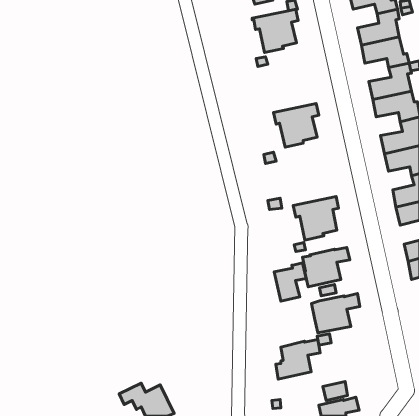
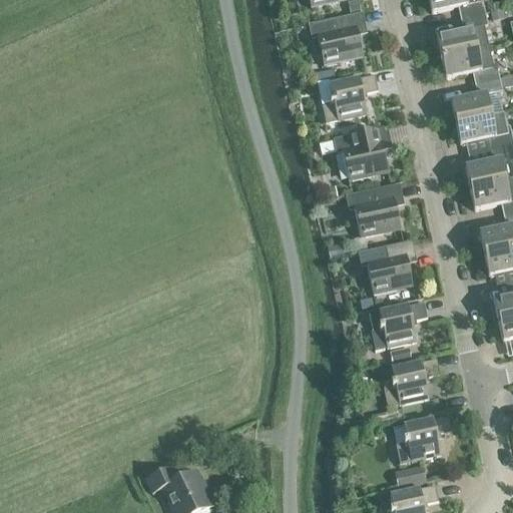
building: none -> [324,74,379,122]
building: none -> [347,182,402,235]
building: [274,263,306,301] -> none
building: [276,340,320,379] -> [398,415,452,463]

